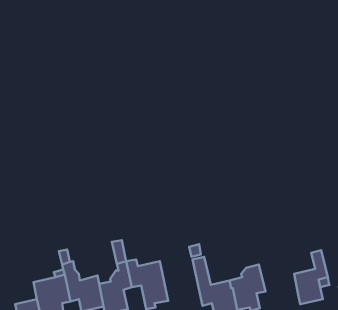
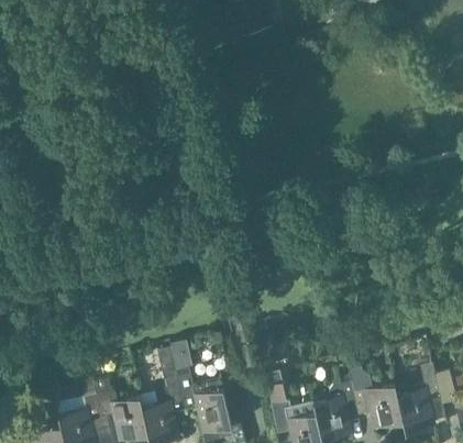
building: none -> [350,369,404,431]

